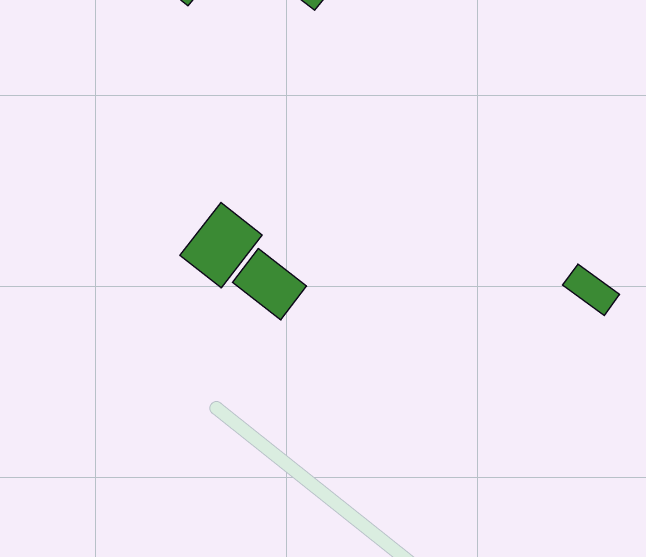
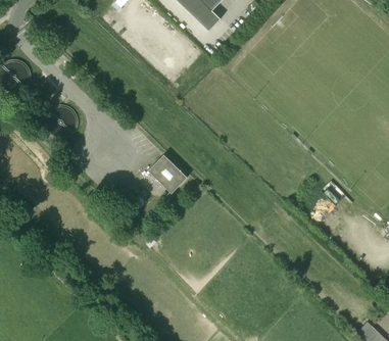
building: [180,202,262,288] -> none

